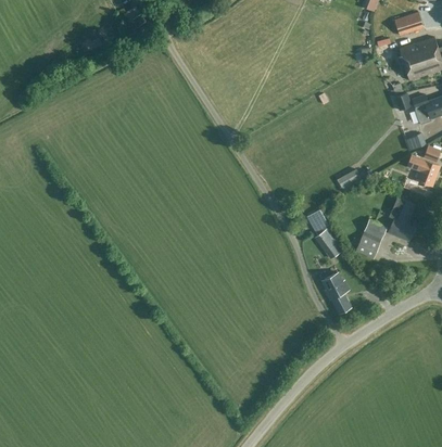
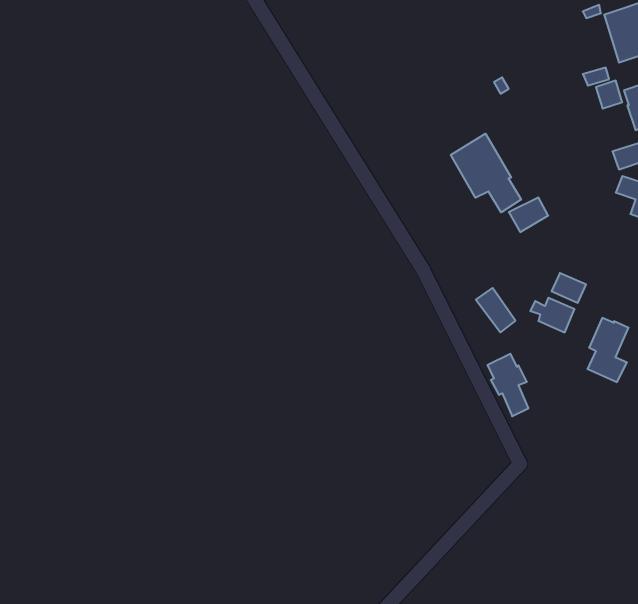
building: none -> [451,134,521,212]
building: [389,196,416,239] -> [587,318,629,382]

